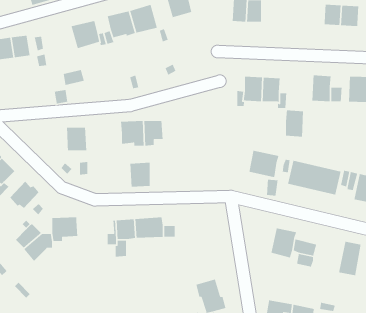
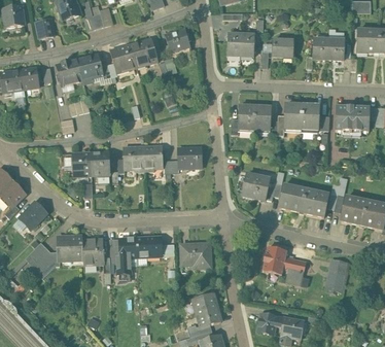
building: none -> [272,39,292,58]
building: none -> [56,59,82,85]
building: [285,110,304,137] -> [284,103,302,129]
building: none -> [177,146,202,167]
building: [130,162,151,187] -> [91,151,110,175]
building: none -> [82,239,104,265]
building: none -> [181,243,211,268]

